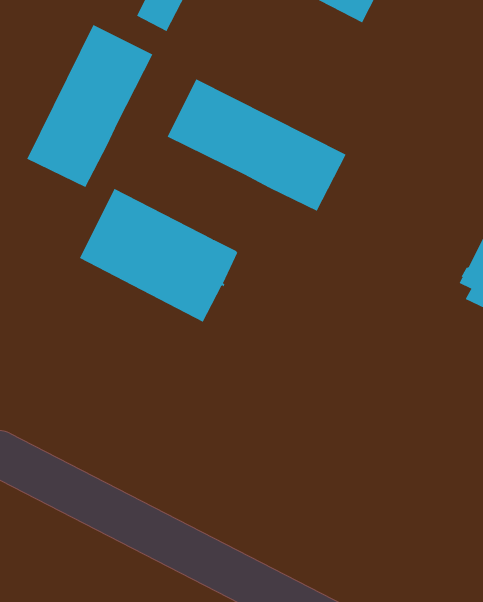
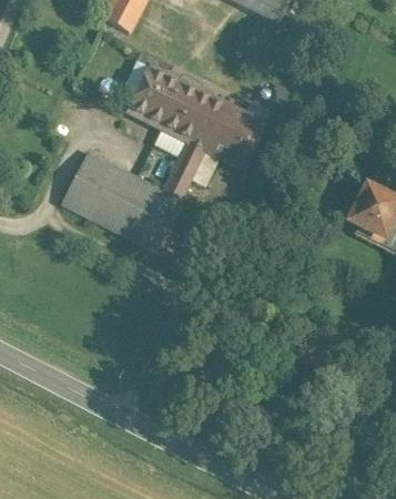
building: [27,24,153,188] -> none
building: none -> [163,140,205,197]

